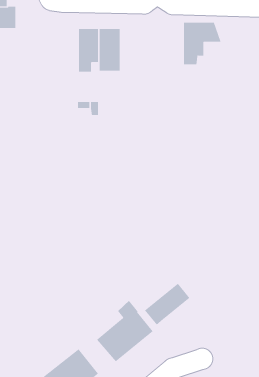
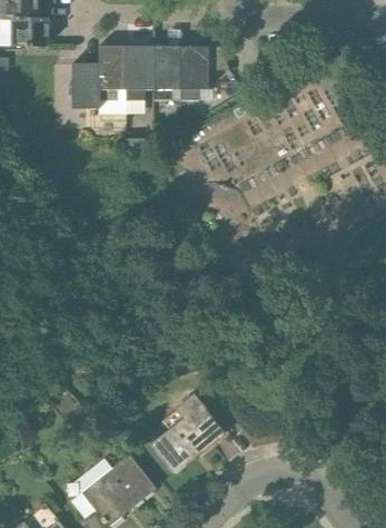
building: [183,22,221,65] -> [181,45,230,99]
building: none -> [72,45,127,114]
building: [144,283,190,325] -> none

